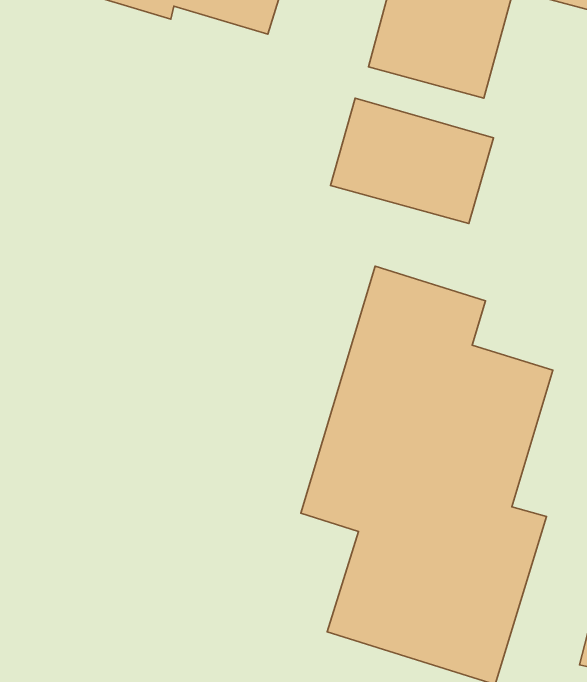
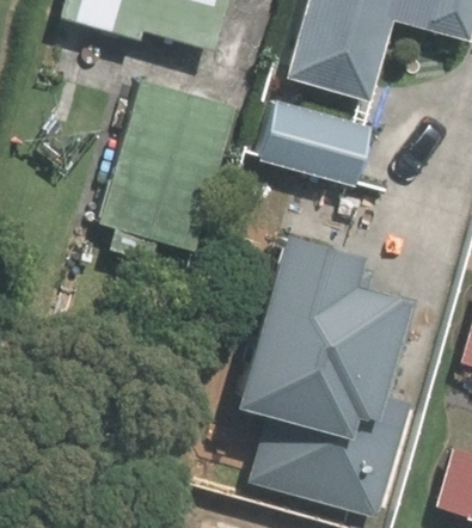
building: none -> [93,74,238,256]

